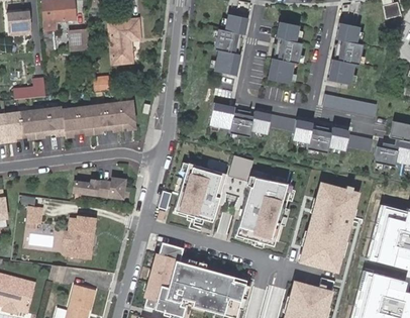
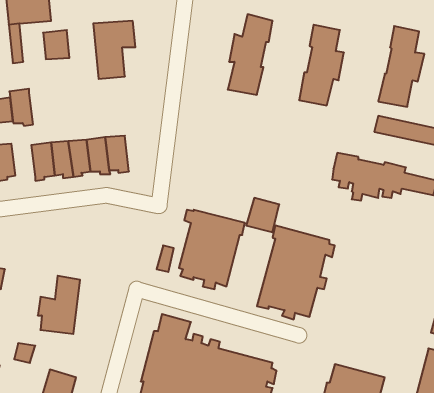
building: [209,102,296,139] -> none
building: [46,110,65,138] -> [9,89,33,126]
building: [78,180,130,200] -> none
building: [300,183,358,272] -> none

